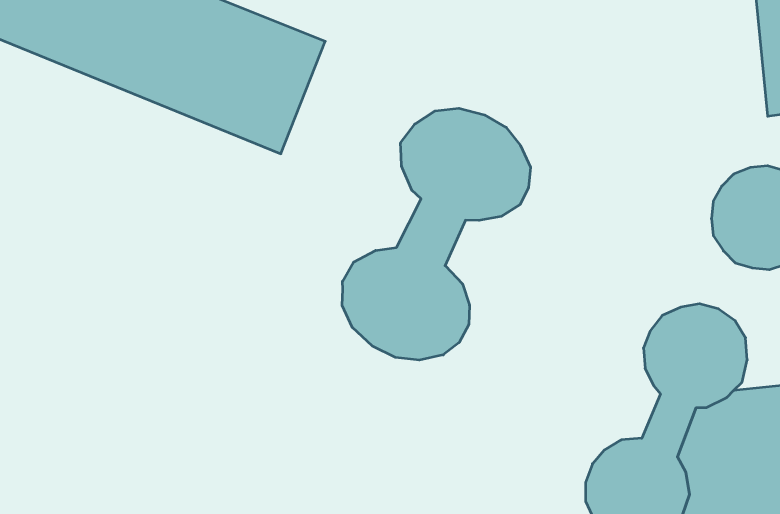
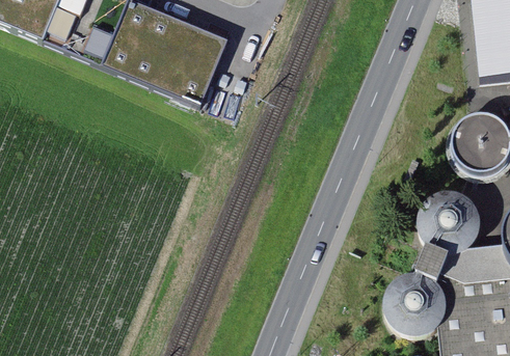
building: [342,108,530,360] -> none

